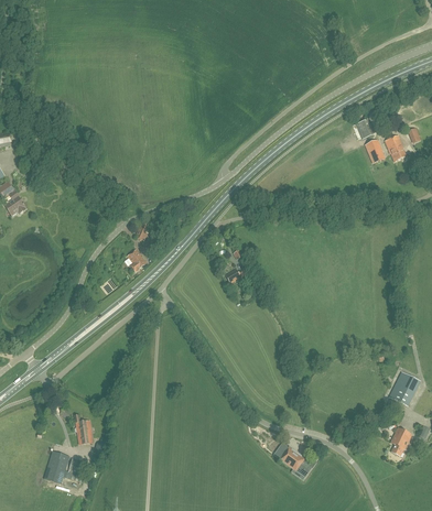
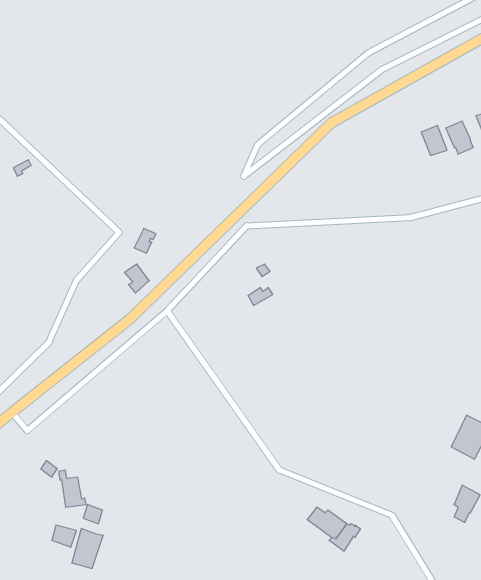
building: [44,450,69,482] -> [72,529,103,568]

